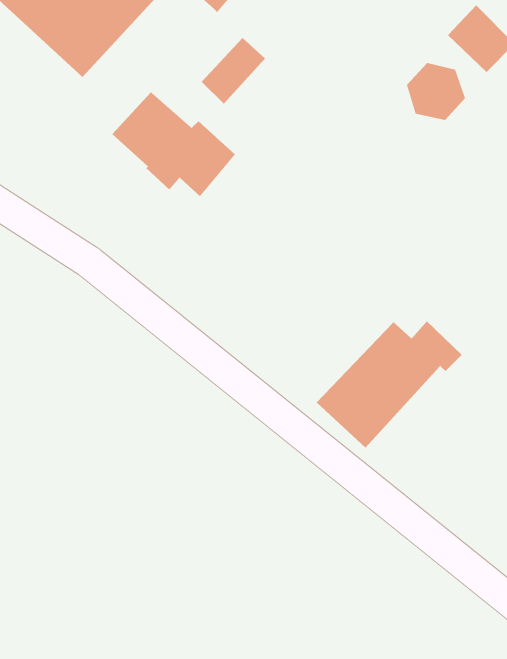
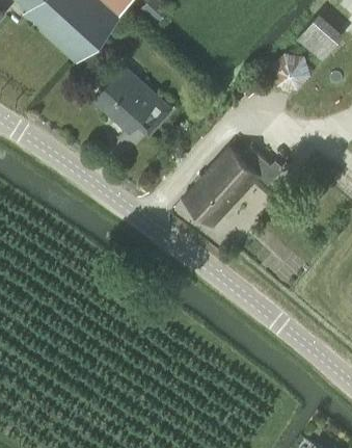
building: [201,37,266,105] -> none
building: [316,321,462,449] -> [183,147,272,225]

